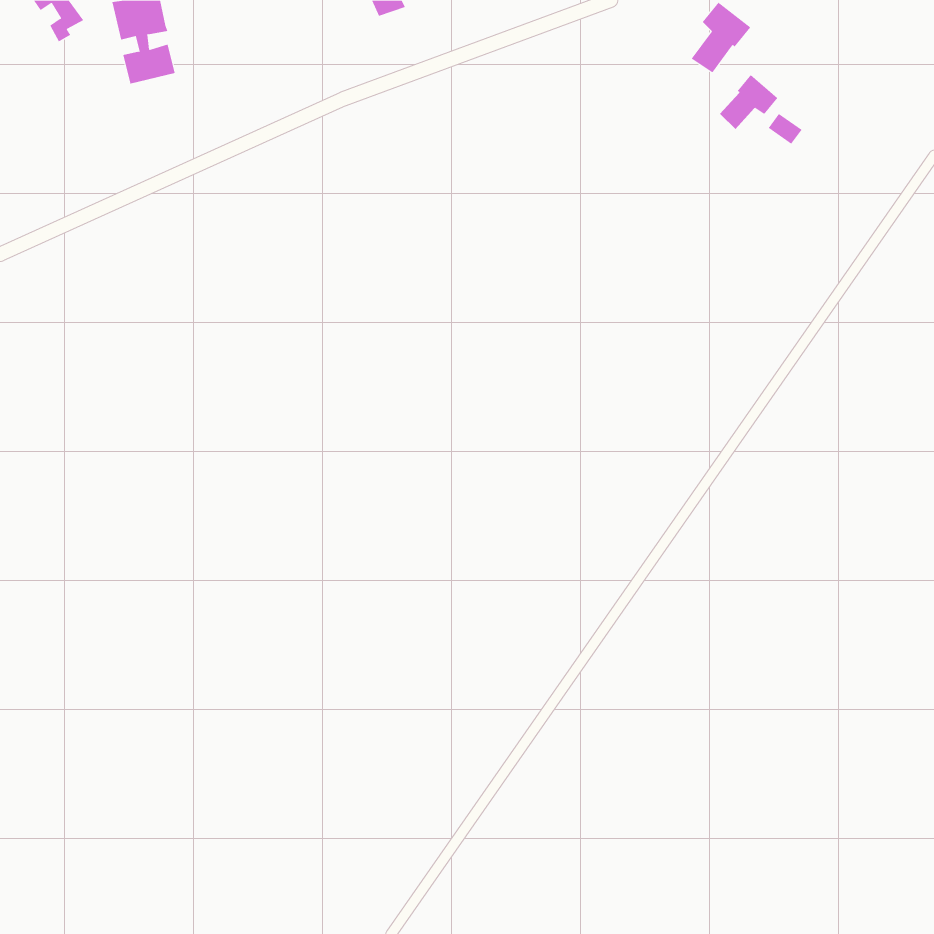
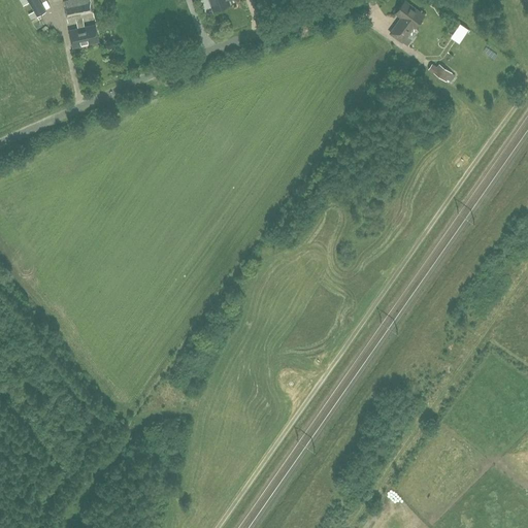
building: [719,74,778,130] -> none

